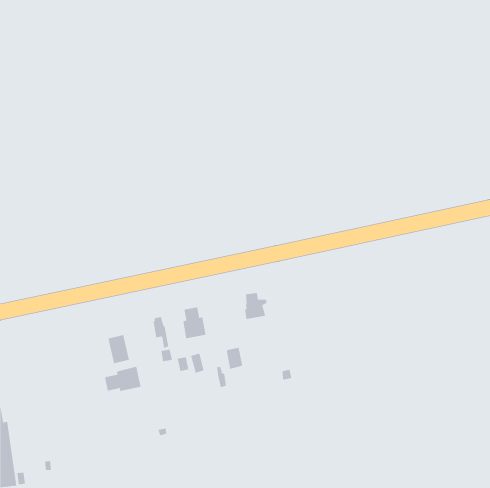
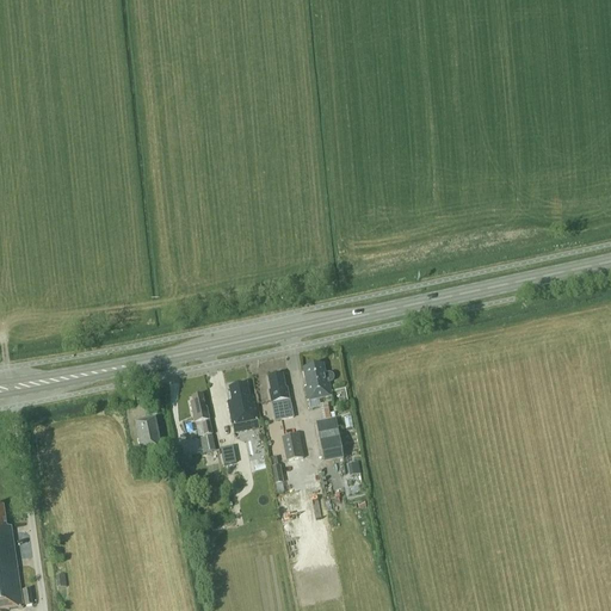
building: none -> [267,372,292,418]
building: none -> [315,415,342,461]
building: [104,366,142,392] -> none

